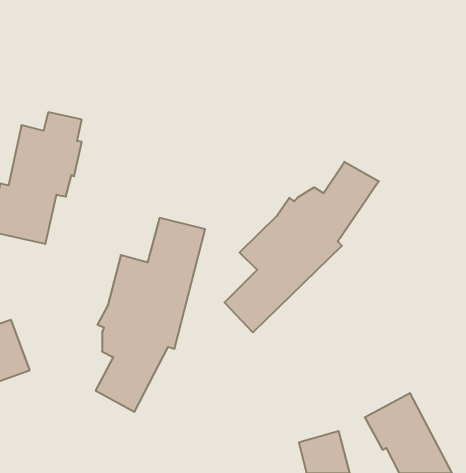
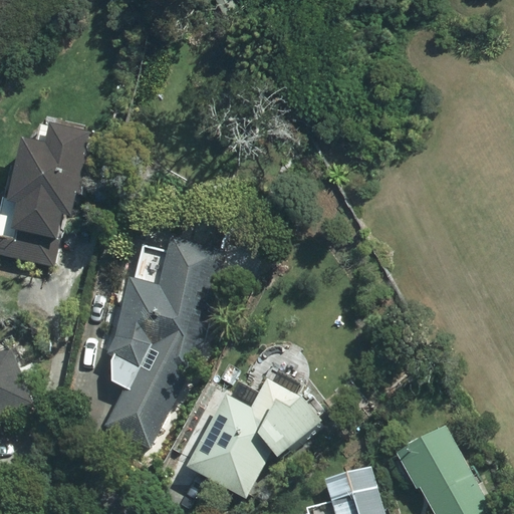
building: [224,162,379,332] -> none
building: none -> [187,378,321,496]

